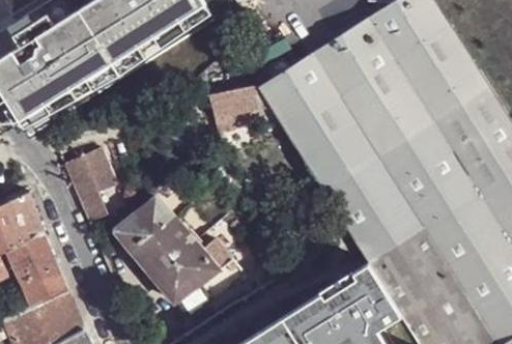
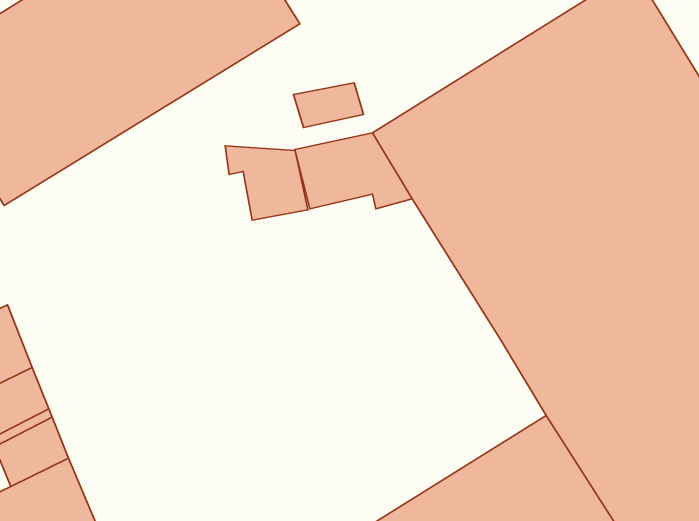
building: none -> [293,83,363,127]
building: none -> [225,146,308,220]
building: [64,150,115,233] -> none
building: [114,197,245,320] -> none

